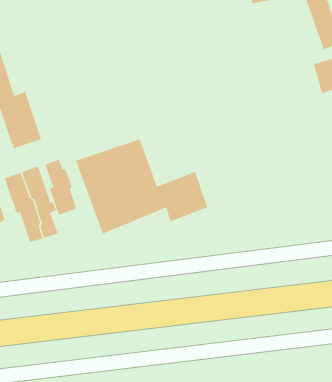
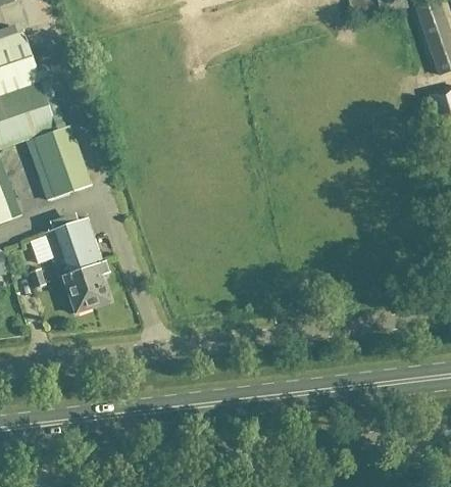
building: [74,138,208,234] -> none
building: [45,159,77,215] -> none

